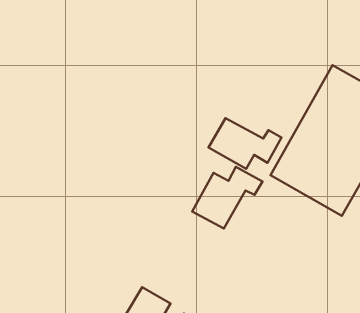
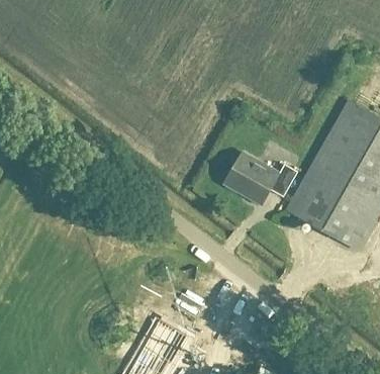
building: [192,167,262,228] -> none

